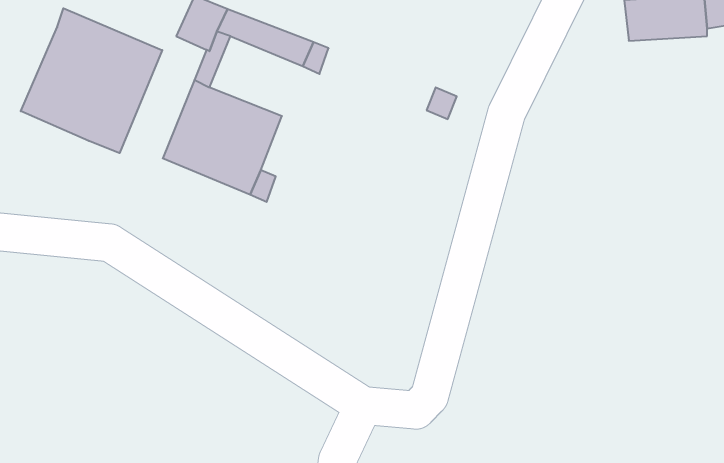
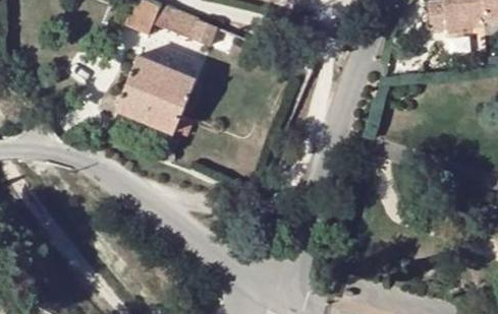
building: [21,8,162,153] -> none

